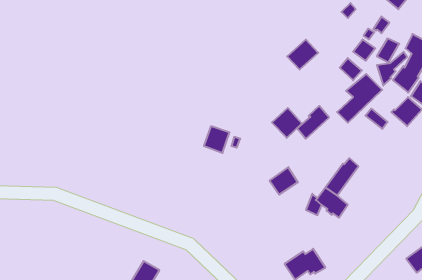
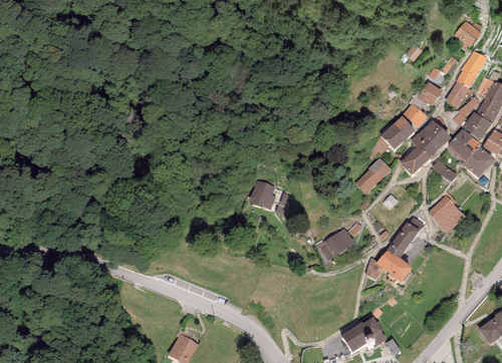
building: none -> [456,49,488,86]
building: [287,40,318,70] -> [381,116,416,150]
building: none -> [447,128,481,161]
building: [272,108,302,138] -> none
building: none -> [427,194,464,232]

